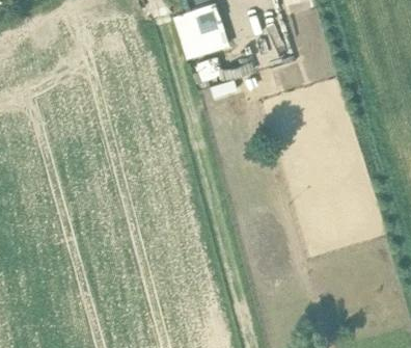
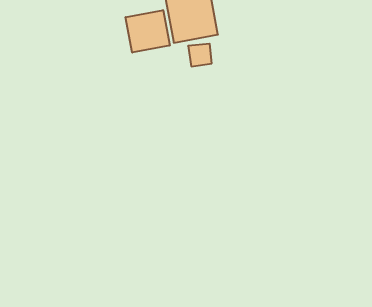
building: none -> [126,10,170,53]

